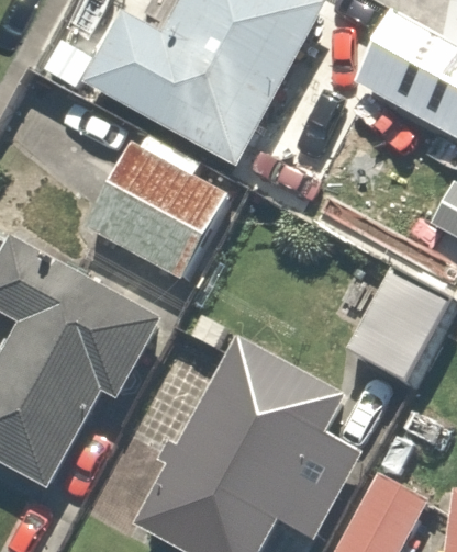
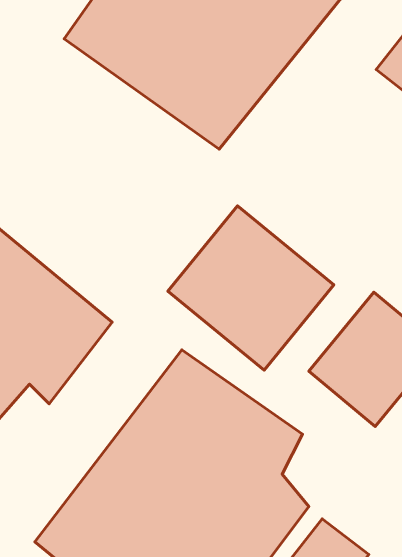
building: [82,140,227,277] -> none
building: none -> [168,206,334,370]

